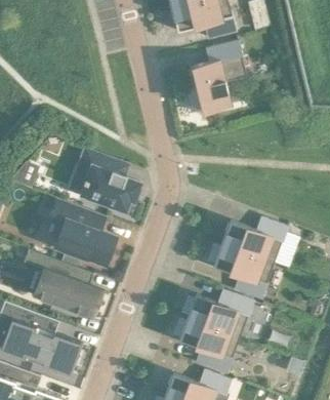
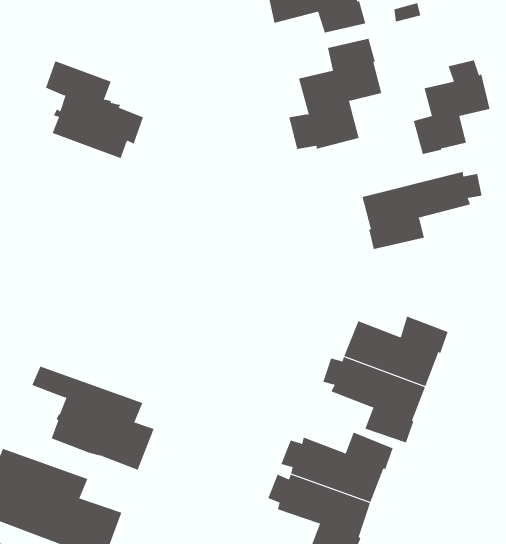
building: none -> [413,59,490,155]
building: none -> [362,171,482,250]
building: [77,149,139,211] -> [45,61,144,159]
building: [49,199,115,265] -> none

